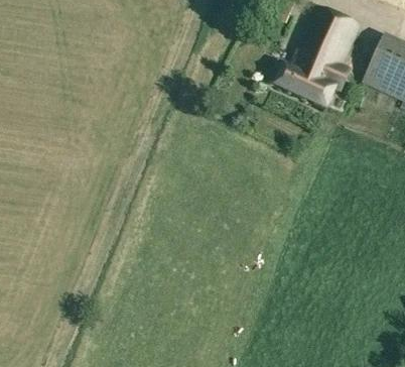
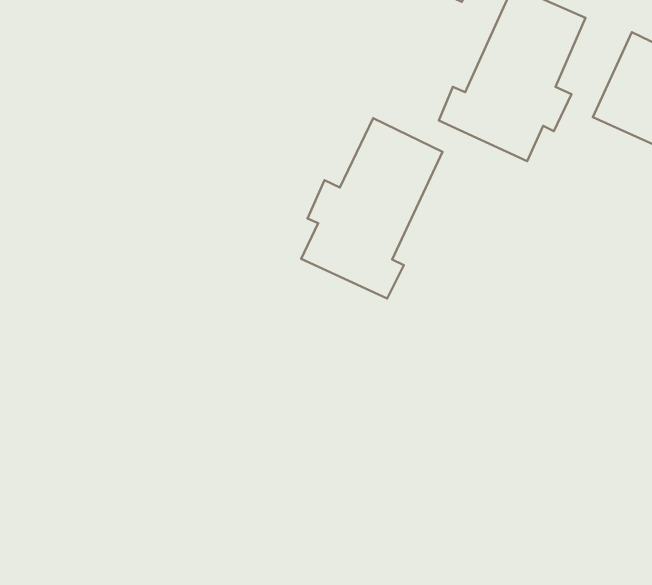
building: none -> [301,118,443,299]

